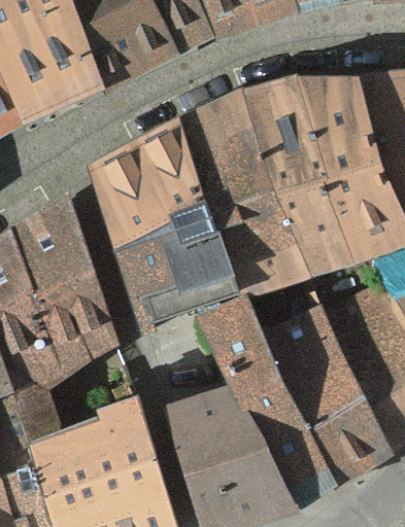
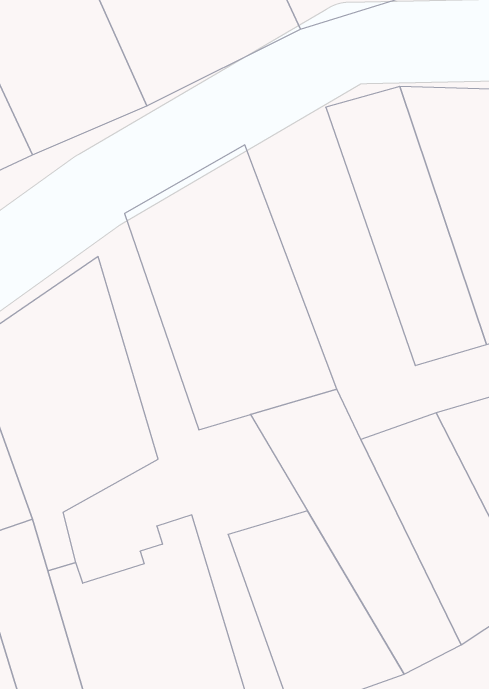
building: [182,86,308,294] -> none

